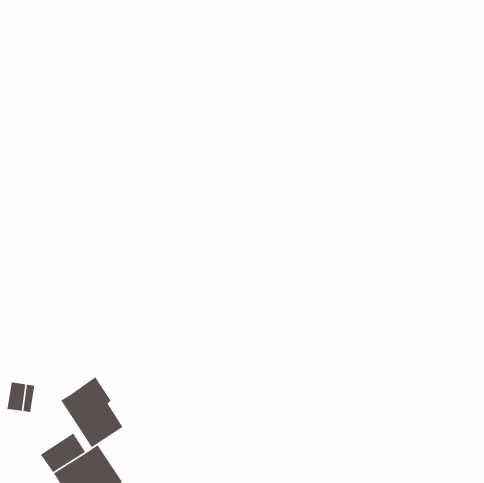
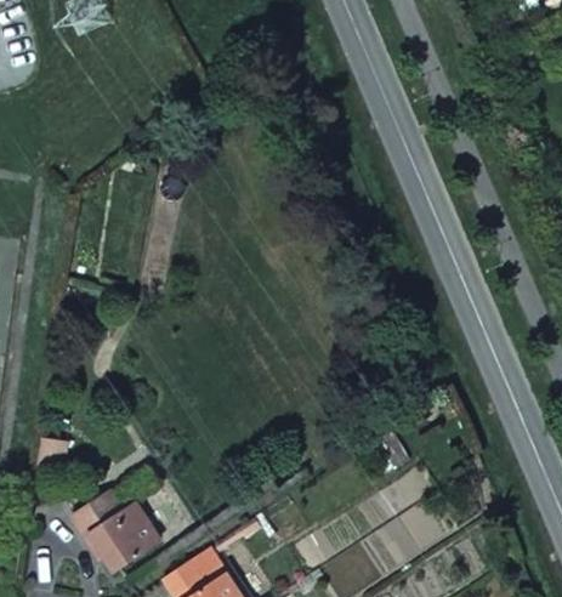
building: [60,376,124,448] -> none

